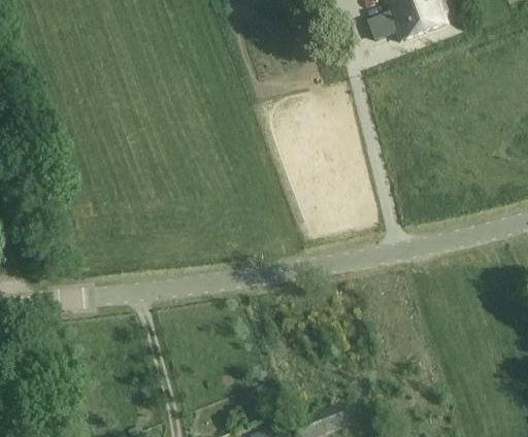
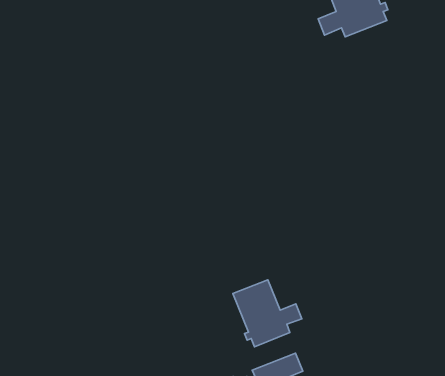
building: none -> [233,280,302,347]

